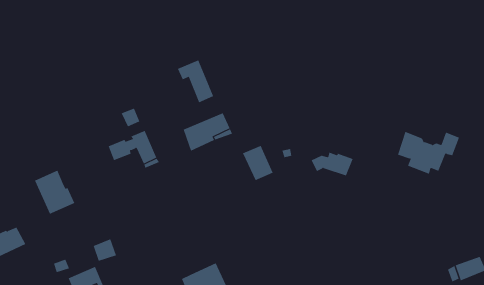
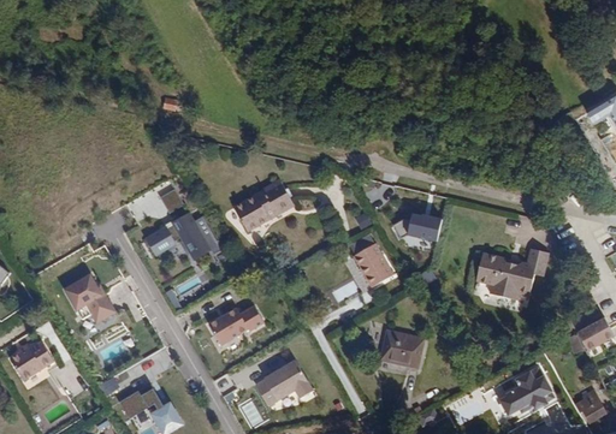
building: [177,60,214,103] -> none
building: [397,131,460,174] -> [475,242,547,295]
building: [242,145,273,181] -> [354,244,393,287]
building: none -> [206,305,261,340]
building: none -> [380,332,424,369]

